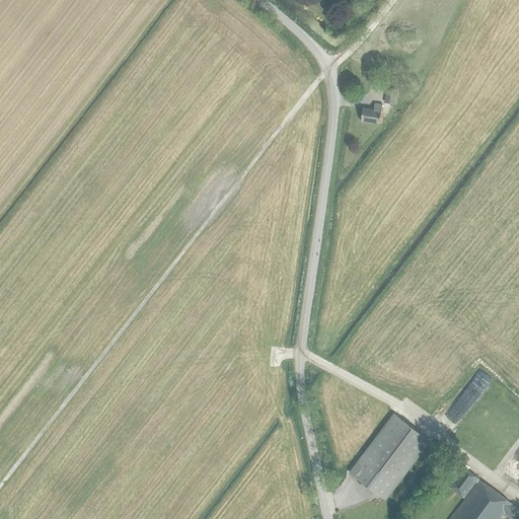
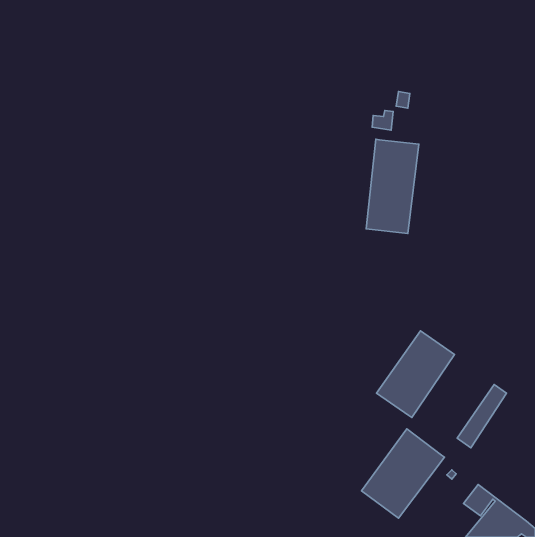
building: none -> [366,139,419,234]
building: none -> [376,331,455,418]

